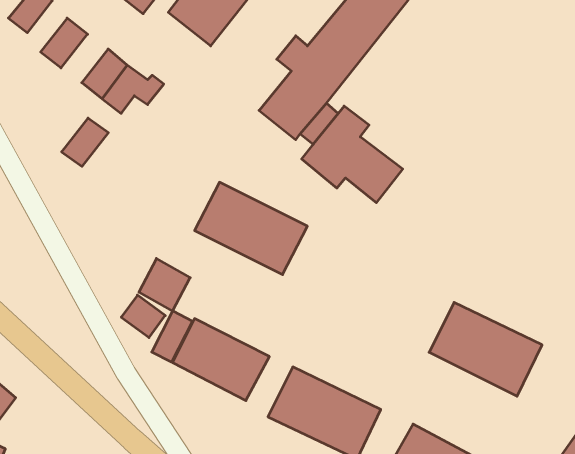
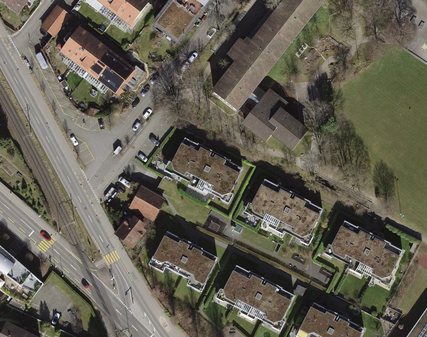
building: [62,118,108,166] -> [75,37,107,70]
building: none -> [246,178,324,242]
building: [152,311,193,362] -> none

